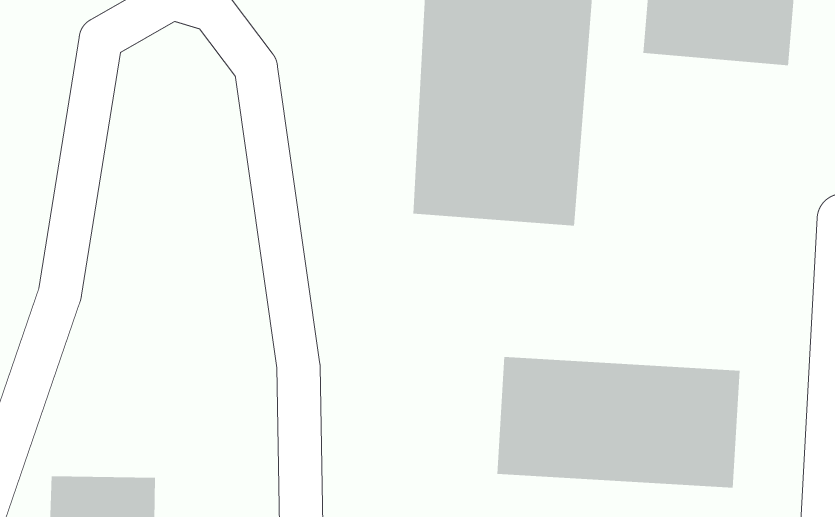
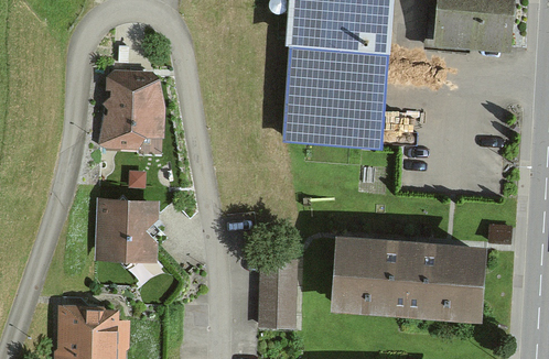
building: none -> [107,75,161,140]
building: none -> [99,198,157,258]
building: none -> [259,258,294,325]

